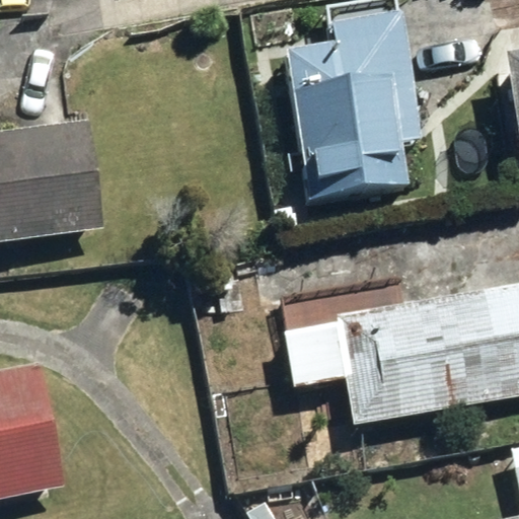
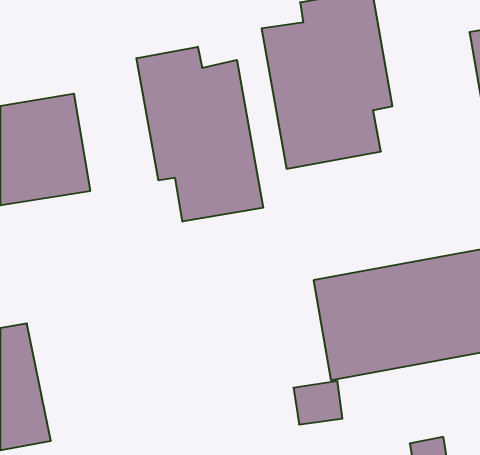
building: none -> [136,47,263,222]

